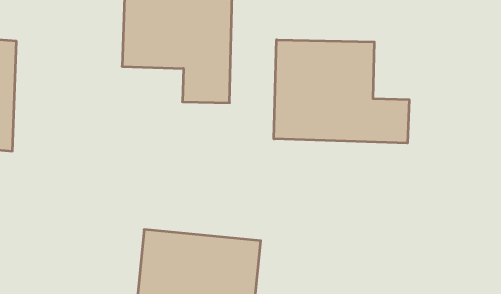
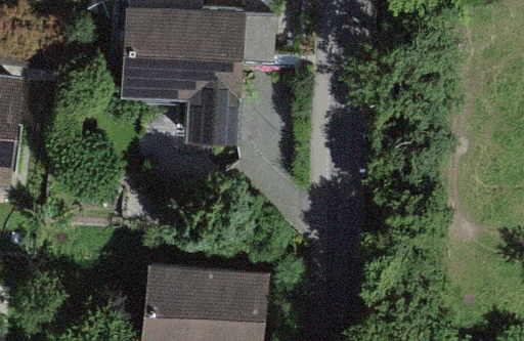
building: [274,40,409,143] -> none

